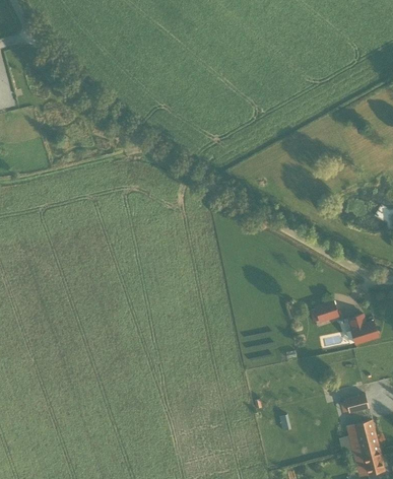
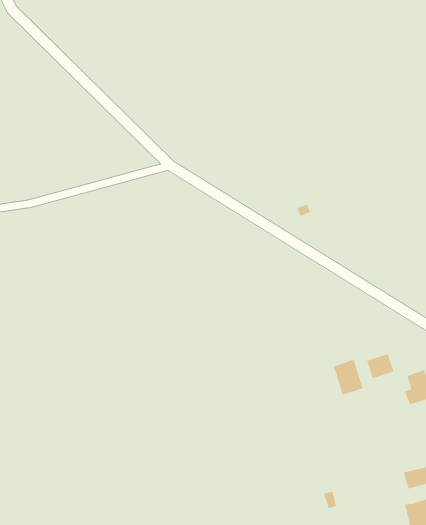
building: none -> [332,359,363,395]

